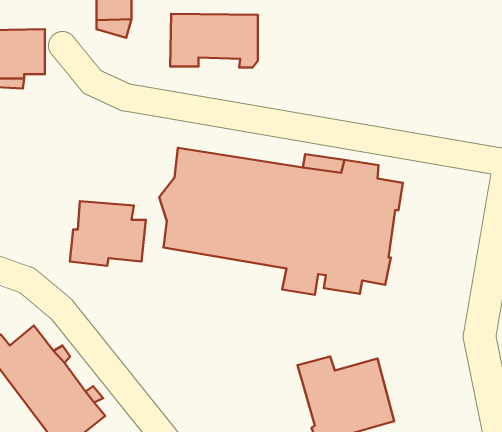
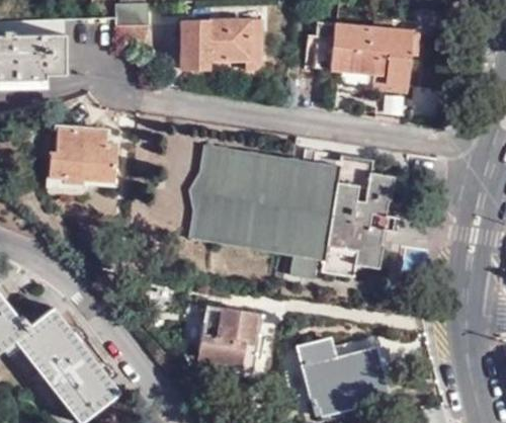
building: none -> [311,18,419,91]
building: [70,201,146,266] -> [49,126,118,186]
building: none -> [200,307,266,374]

